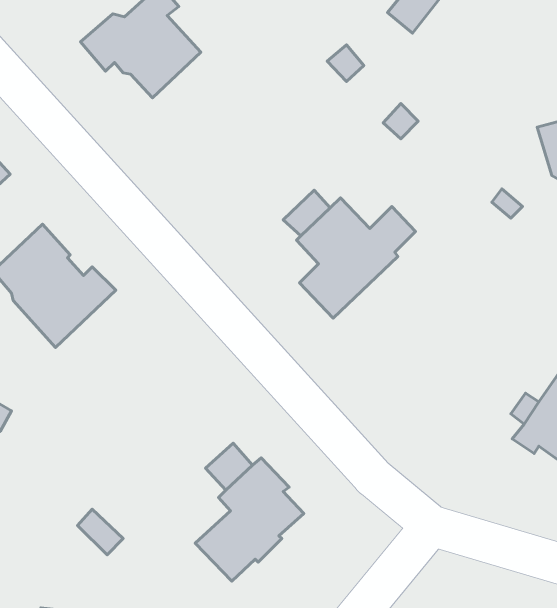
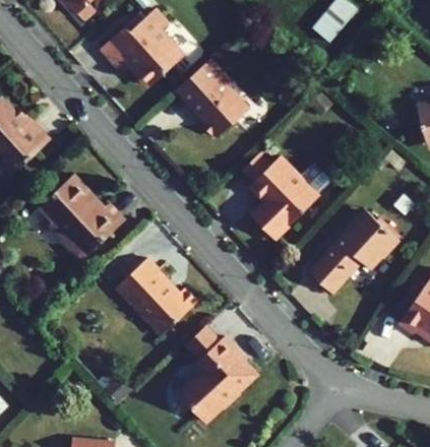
building: none -> [177,57,248,135]
building: none -> [309,210,401,292]
building: none -> [117,258,198,334]

